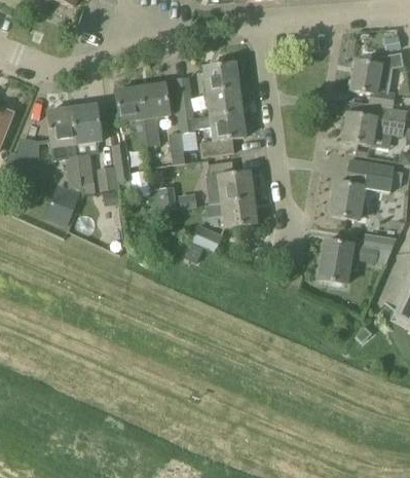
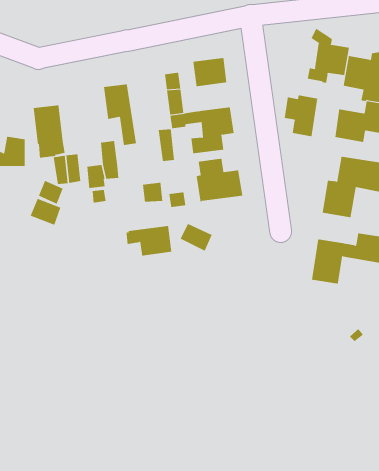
building: none -> [307,28,349,84]
building: [140,82,170,145] -> none
building: [207,85,240,113] -> none
building: none -> [284,95,318,137]
building: [73,104,101,154] -> none
building: [211,196,256,226] -> [126,226,172,256]

